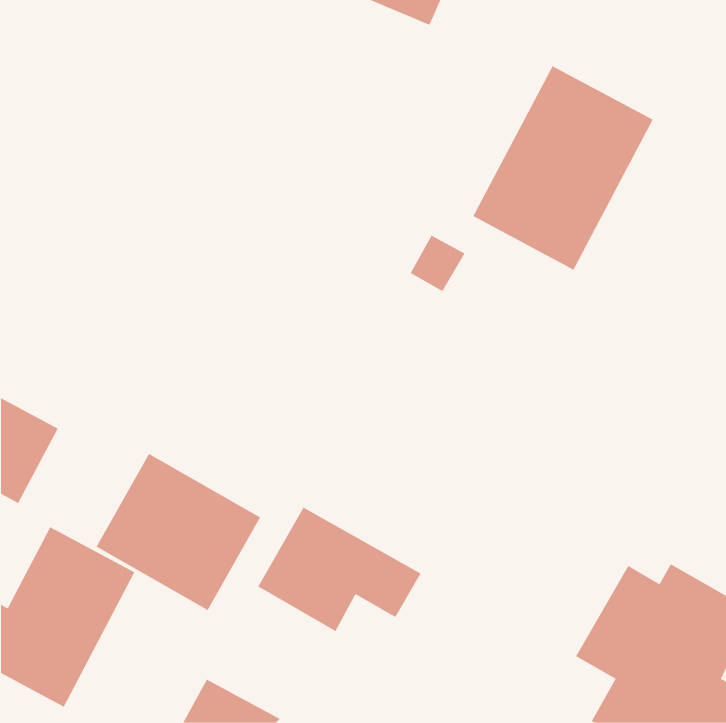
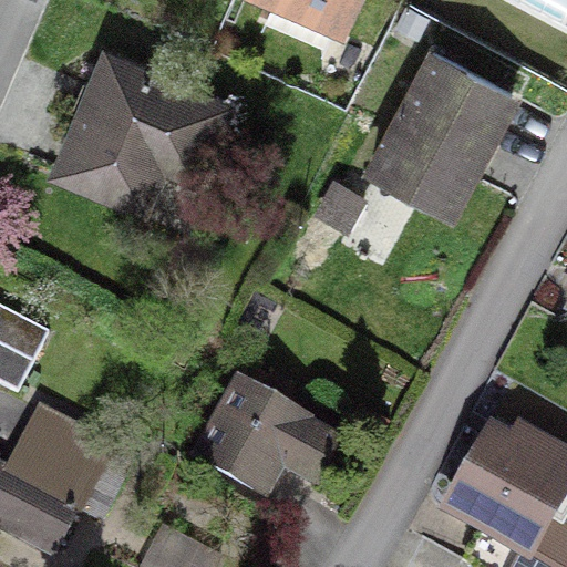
building: none -> [58,56,220,204]
building: [96,453,261,611] -> none

